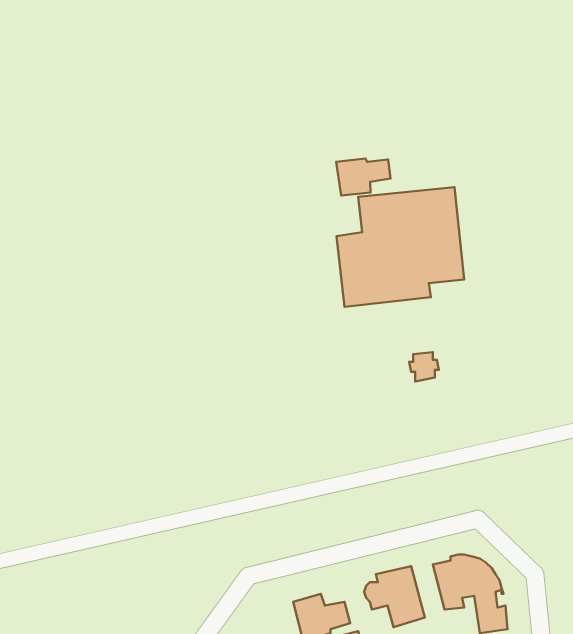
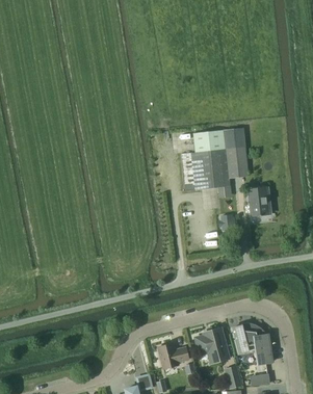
building: [336,159,390,196] -> none
building: none -> [249,187,268,215]

